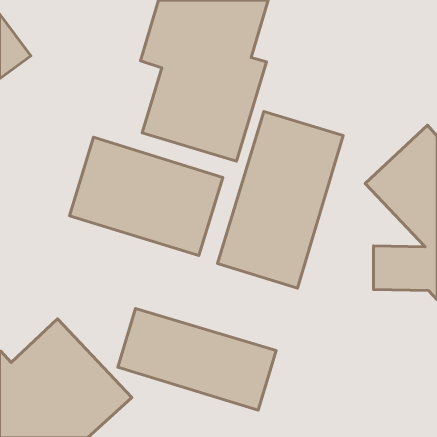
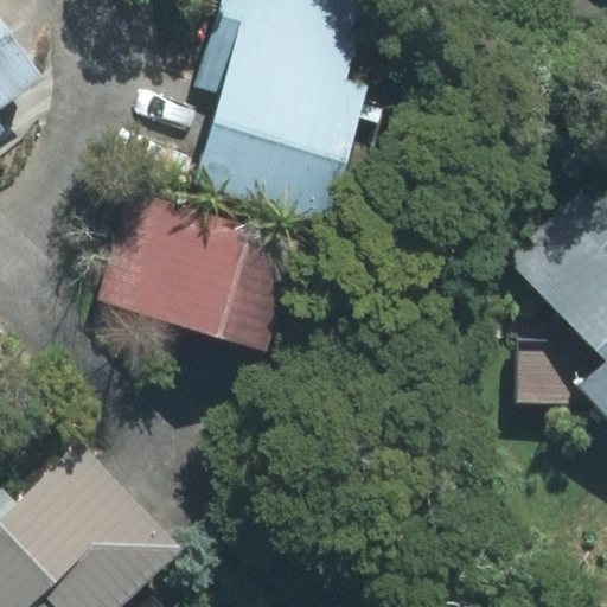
building: [218,112,343,288] -> none
building: [118,308,276,410] -> none

